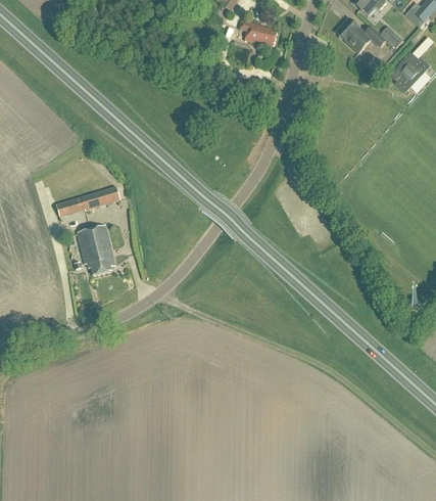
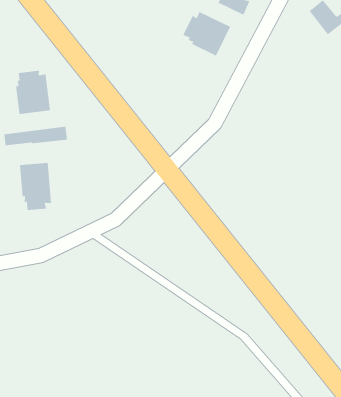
building: none -> [183,11,231,57]
building: none -> [16,70,50,115]

